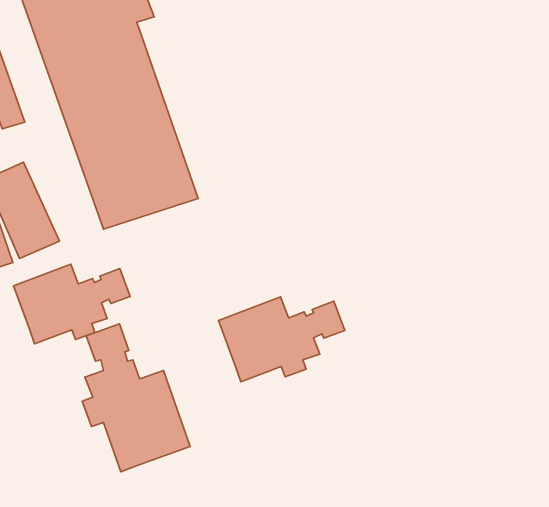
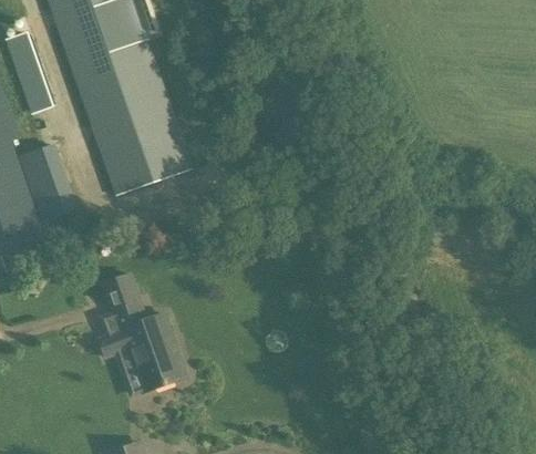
building: [13,264,130,344] -> none
building: [218,297,345,382] -> none

